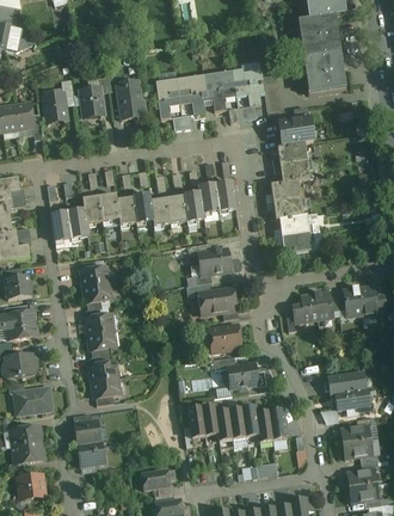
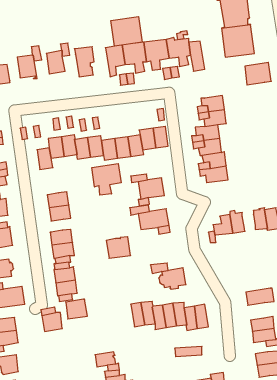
building: none -> [111,17,142,46]
building: [279,117,313,146] -> [245,62,271,85]
building: [51,211,73,248] -> none
building: none -> [92,164,121,195]
building: [209,324,240,351] -> [106,237,131,258]
building: [327,371,365,394] -> none
building: [78,440,105,465] -> [66,299,87,319]

